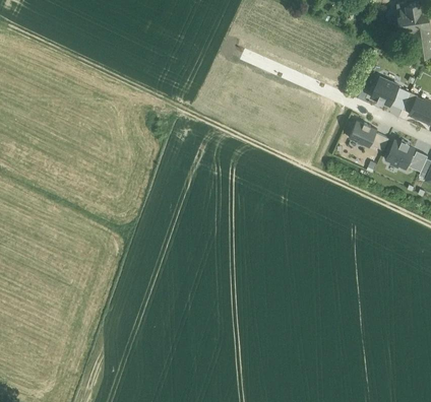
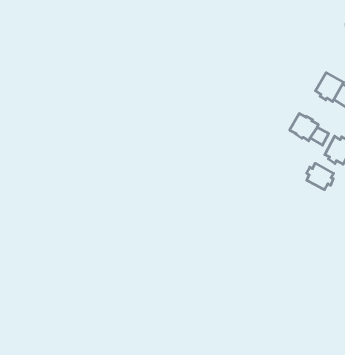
building: none -> [307,163,334,190]

